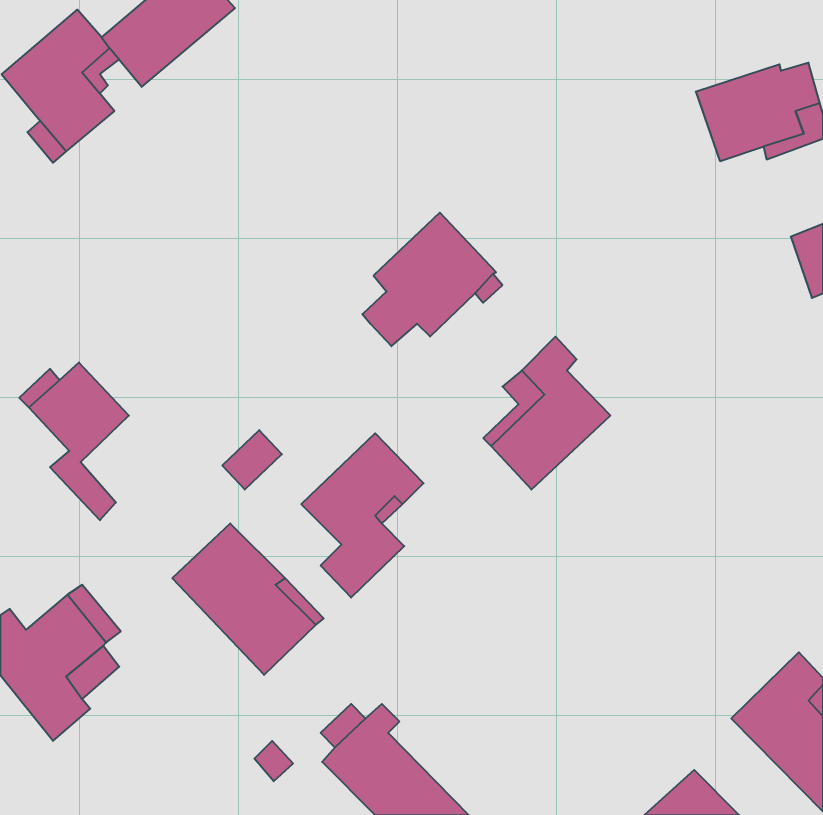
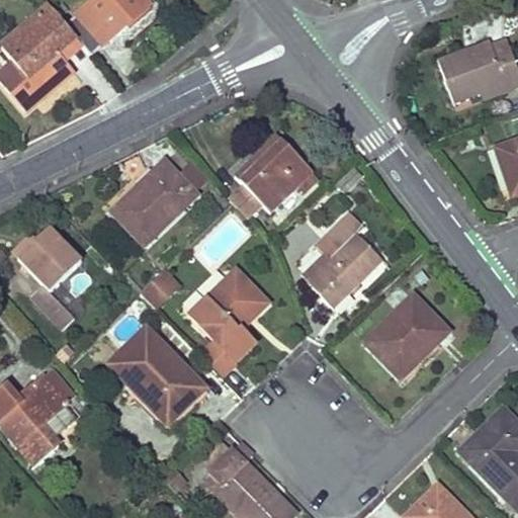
building: none -> [110,160,209,245]
building: none -> [365,293,447,376]

